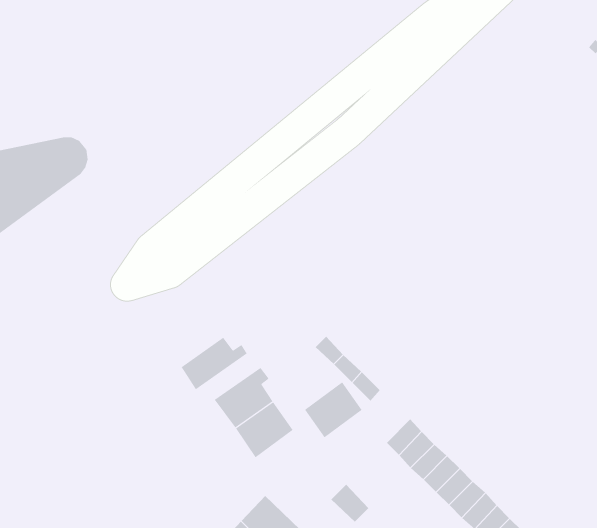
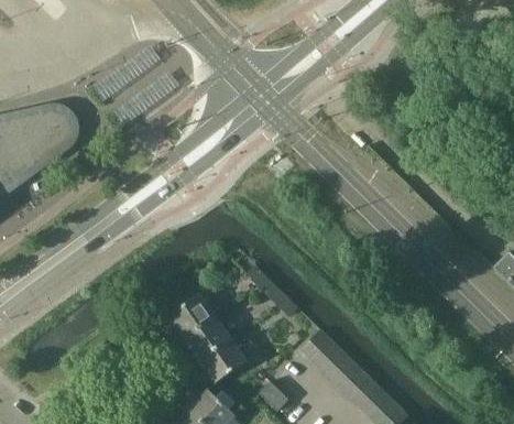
building: [181,337,247,390] -> none
building: [304,381,363,438] -> [201,339,247,383]

